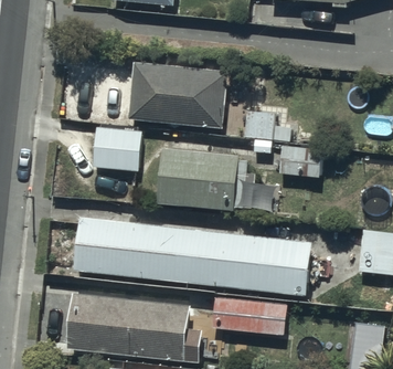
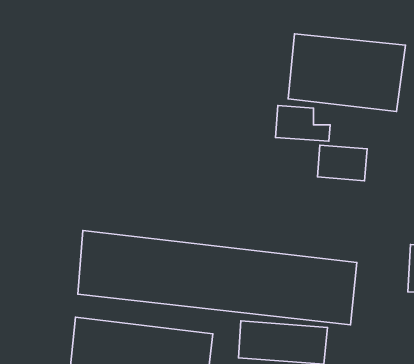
building: [128,63,230,130] -> [288,34,405,112]
building: [93,124,145,169] -> none
building: [157,148,238,214] -> none

